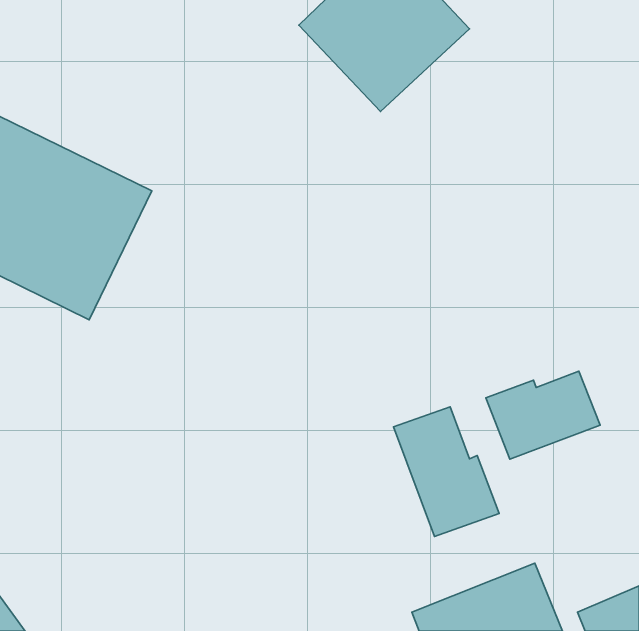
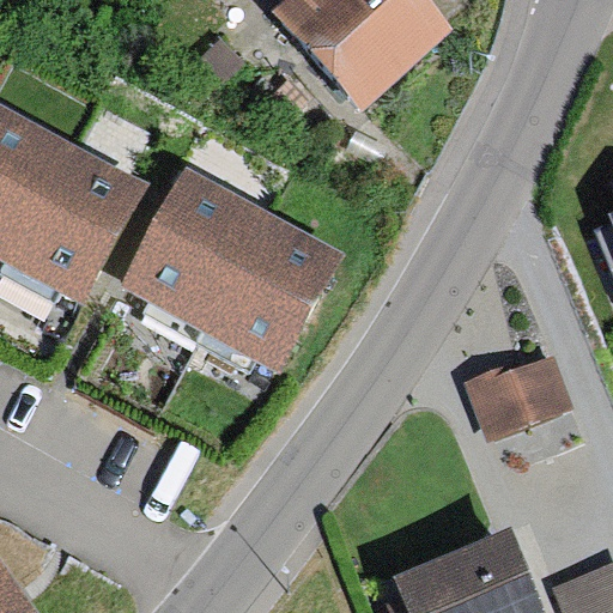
building: none -> [136,182,340,371]
building: [393,407,499,537] -> none

